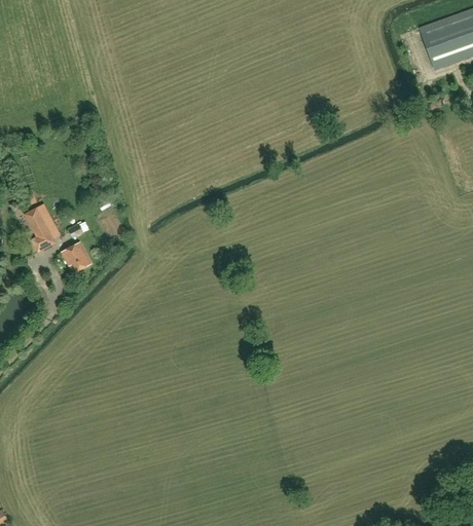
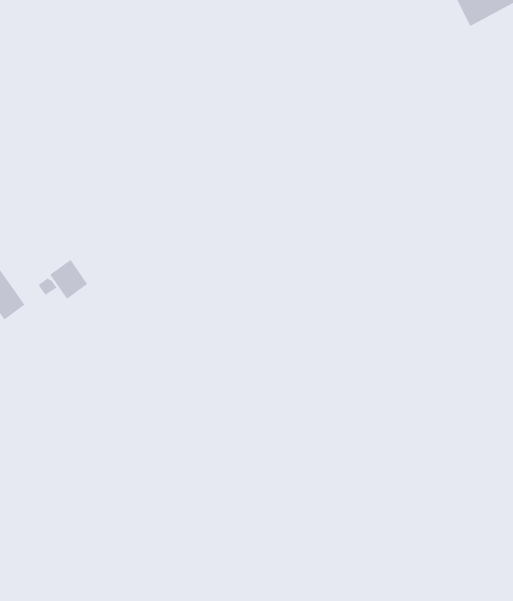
building: [63,241,93,273] -> [49,259,88,300]

